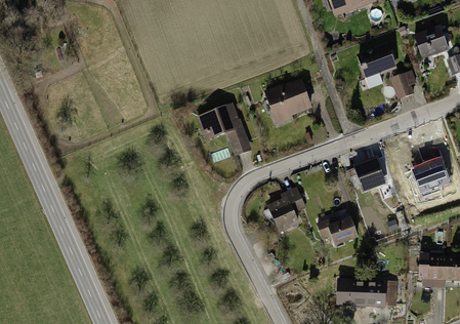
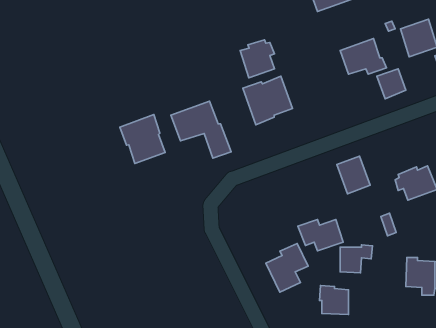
building: none -> [240,40,275,78]
building: none -> [120,114,165,163]
building: [267,188,307,234] -> [266,244,308,292]
building: [365,281,395,308] -> [340,245,372,273]

